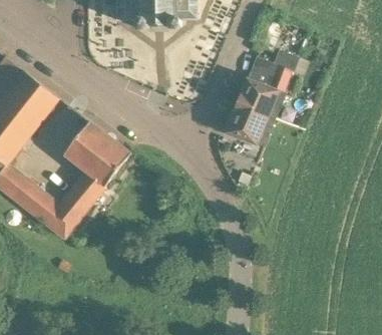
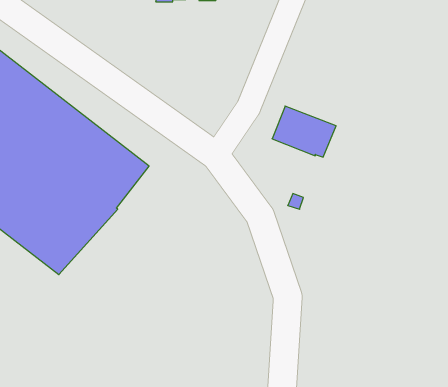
building: [235,49,299,121] -> none

